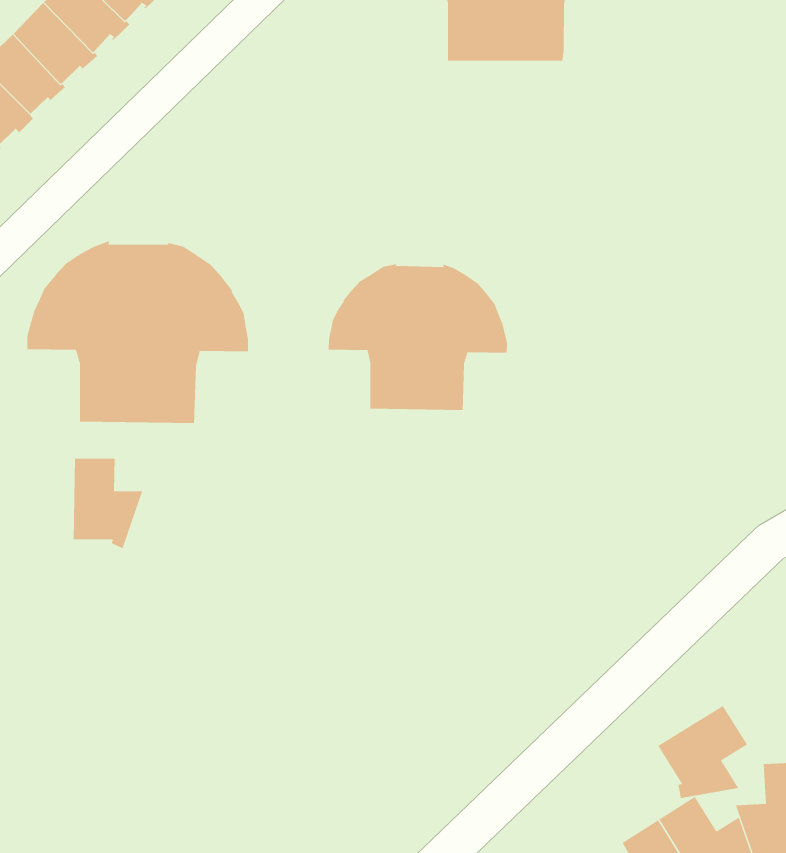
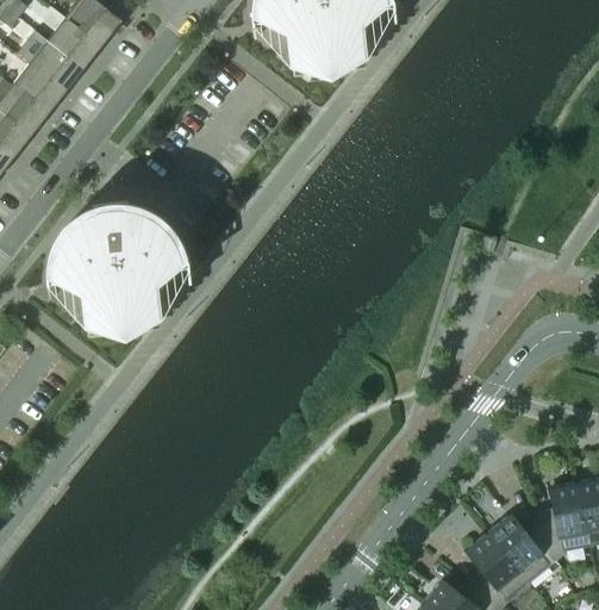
building: [328,263,508,411] -> none
building: [73,458,143,549] -> none
building: [657,705,748,799] -> none

